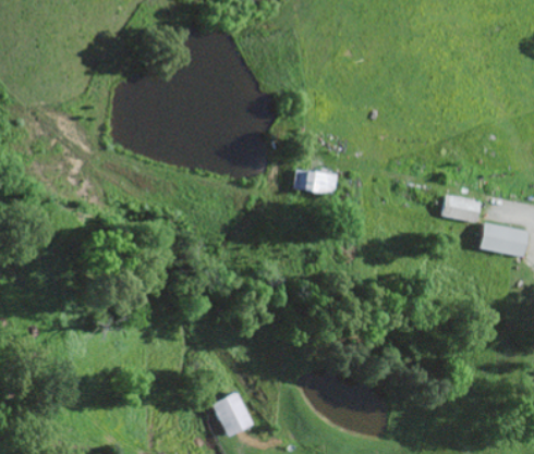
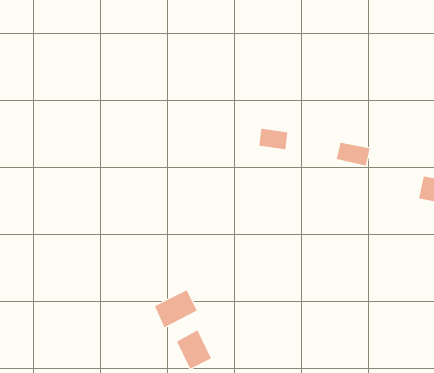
building: [441,196,480,222] -> [336,142,371,166]
building: none -> [154,289,197,328]

